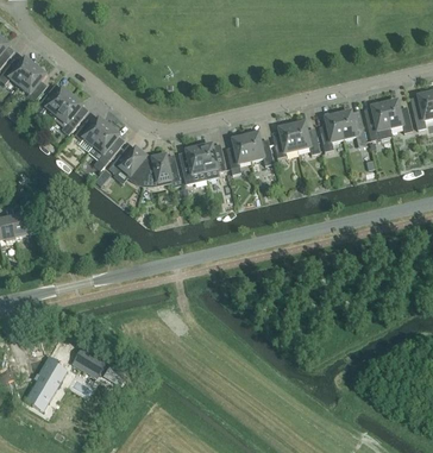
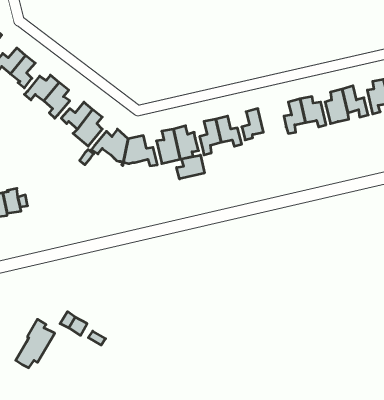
building: [291,120,320,153] -> none
building: none -> [177,155,204,179]

